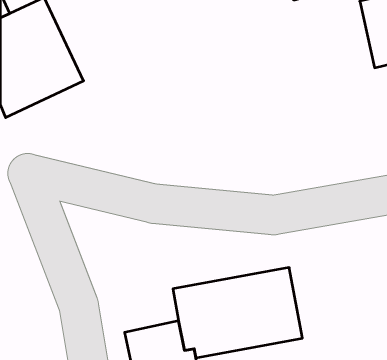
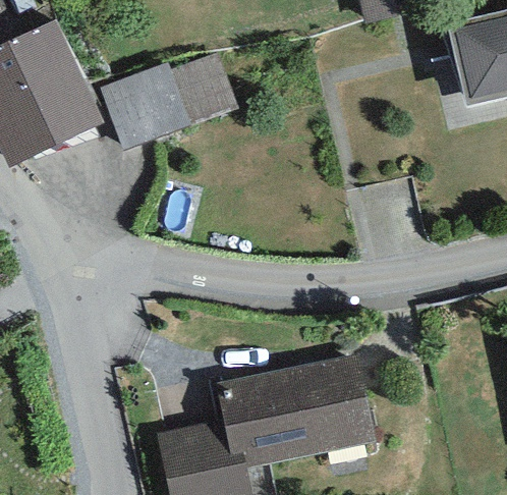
building: none -> [100,53,238,155]

